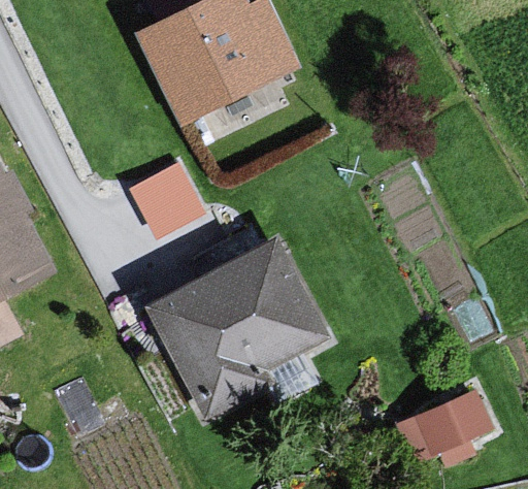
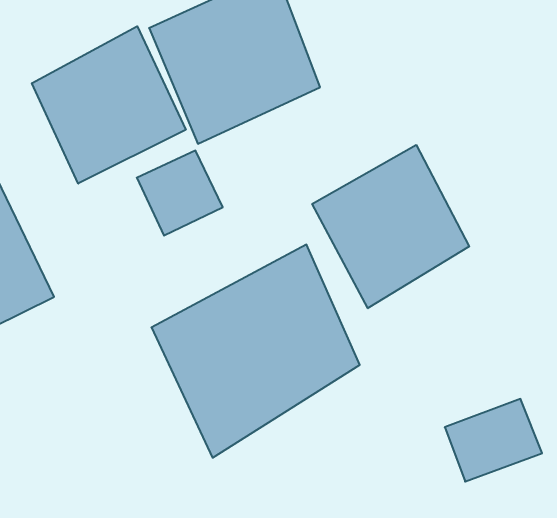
building: none -> [32,26,186,184]
building: none -> [312,145,469,308]

